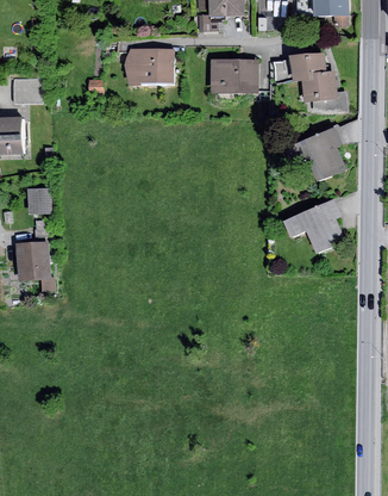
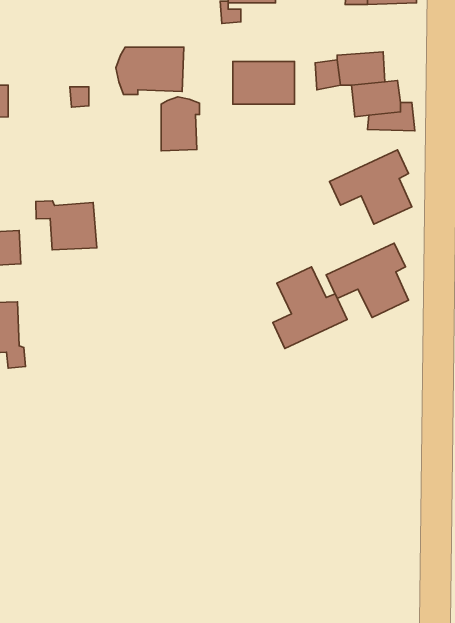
building: none -> [161,97,199,151]
building: none -> [36,201,97,250]
building: none -> [273,267,347,348]

